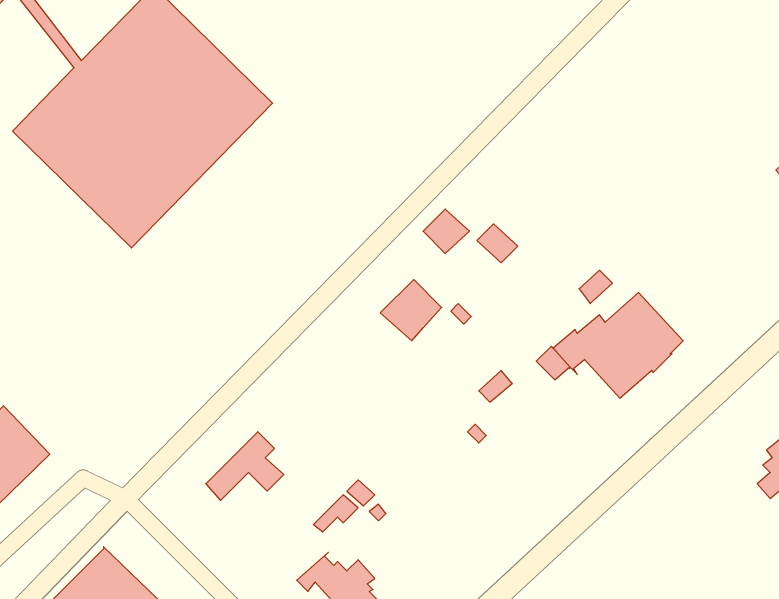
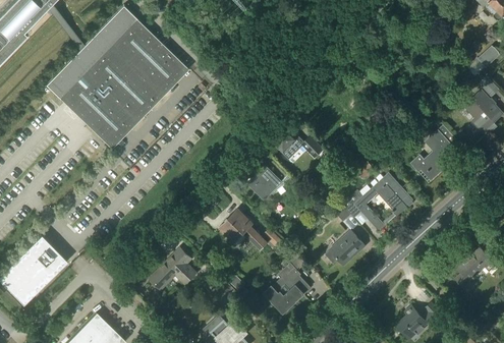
building: none -> [409,125,455,178]
building: none -> [220,213,283,252]
building: none -> [324,232,363,266]
building: none -> [264,251,309,312]
building: none -> [396,303,440,337]

